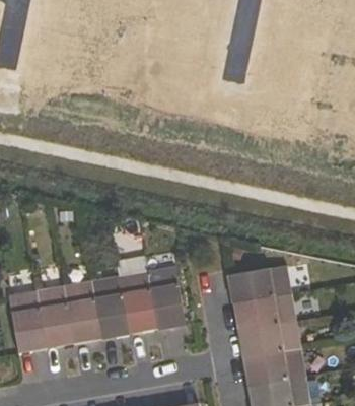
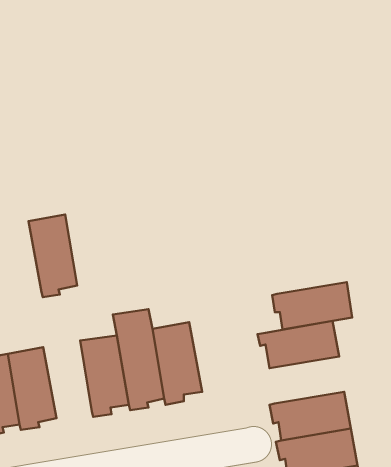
building: [62,281,99,345] -> [28,215,77,297]
building: [232,293,294,330] -> [272,282,352,329]

